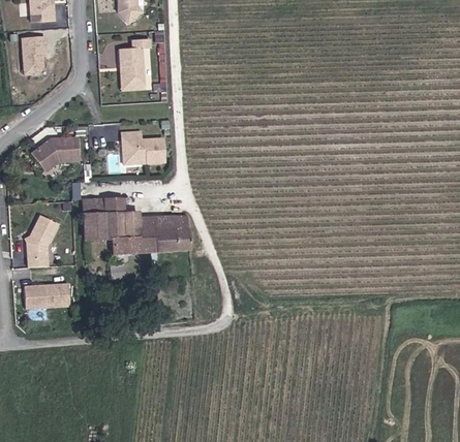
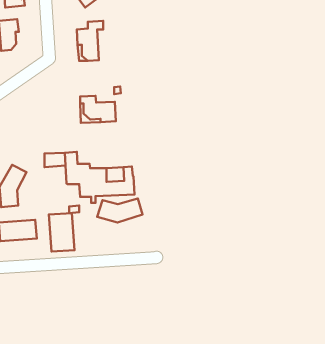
building: [31,136,79,171] -> none
building: [79,215,105,238] -> none
building: none -> [97,198,143,223]
building: none -> [49,213,74,251]

